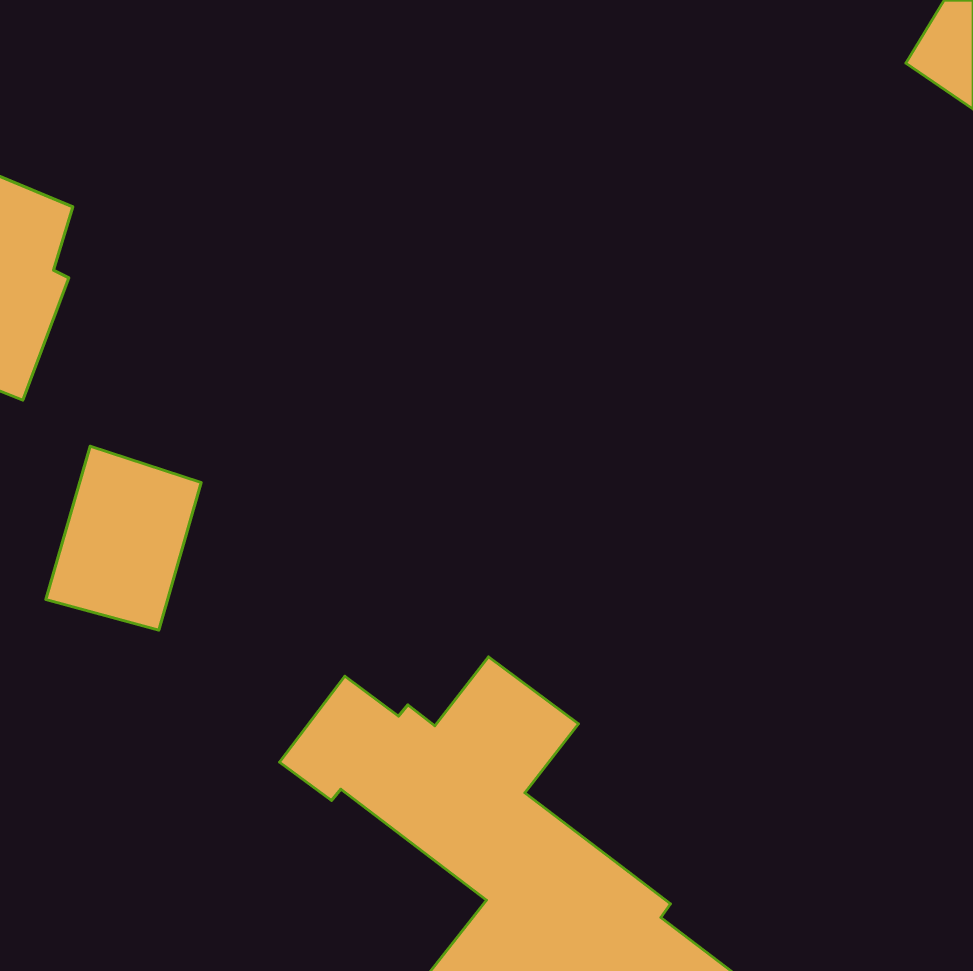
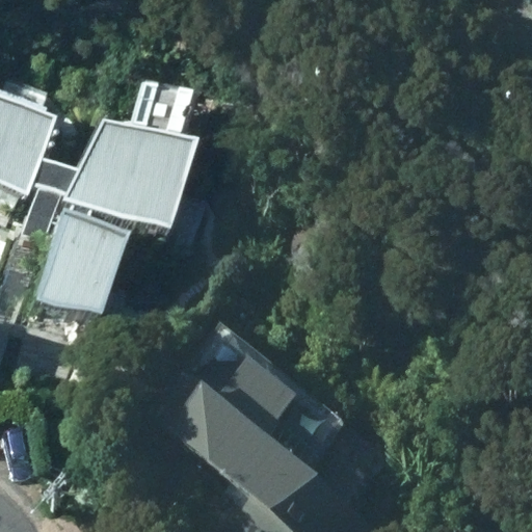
building: none -> [53,126,177,263]

